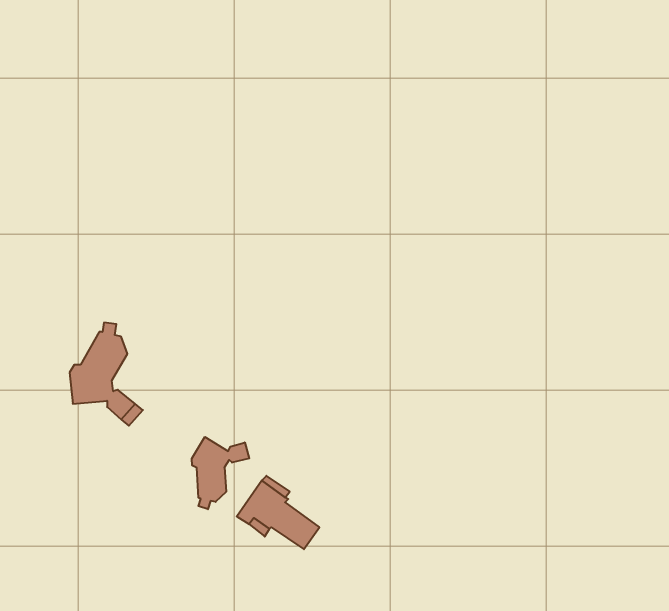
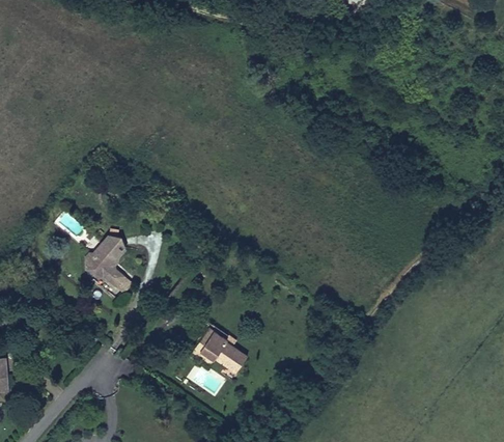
building: [192,437,249,509] -> none

